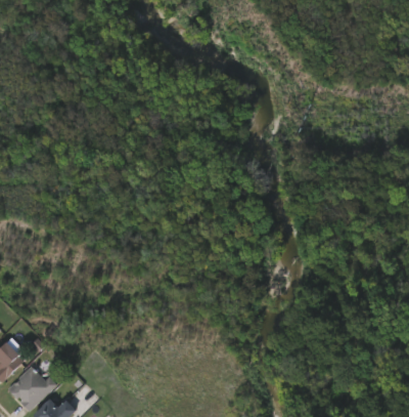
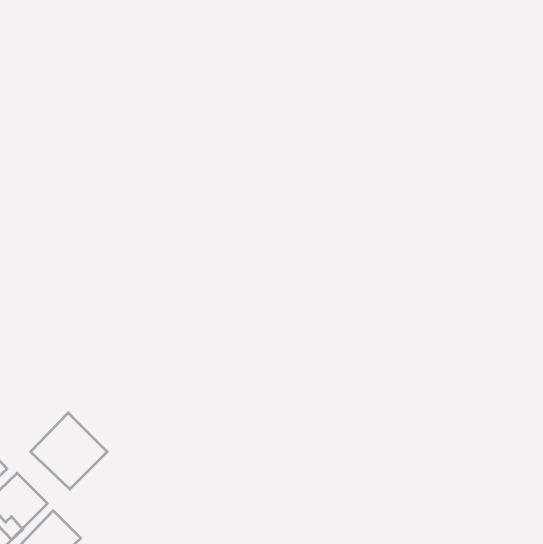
building: none -> [31,413,107,489]

